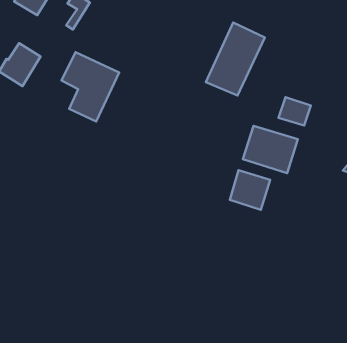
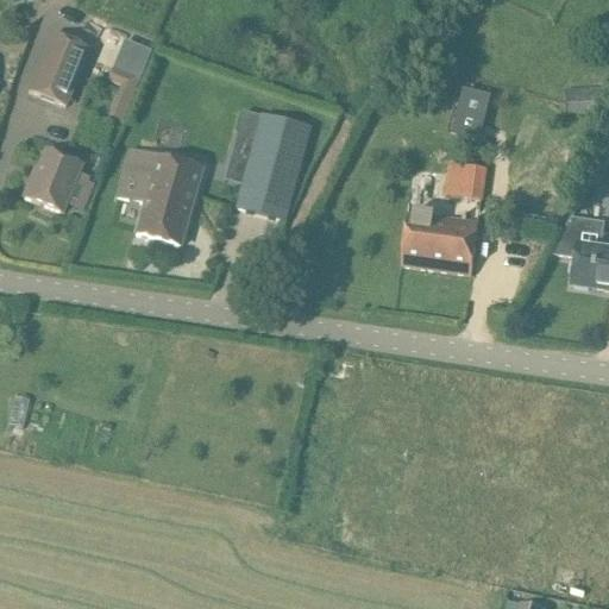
building: [206,22,265,96] -> [236,111,310,216]
building: none -> [453,88,491,140]
building: [230,170,270,210] -> none

